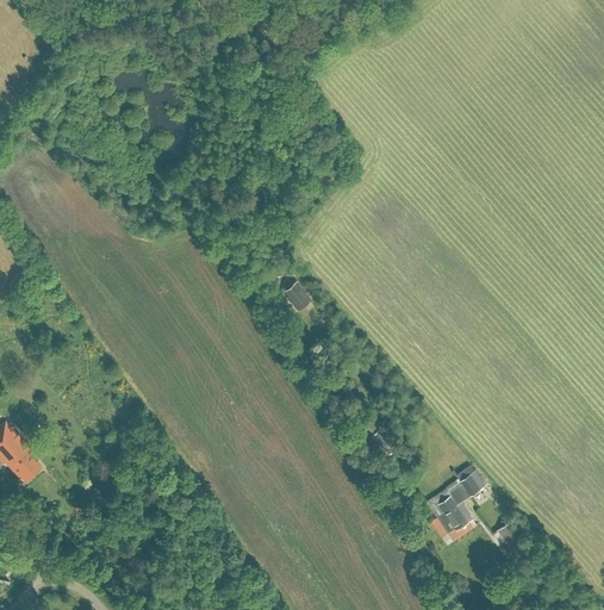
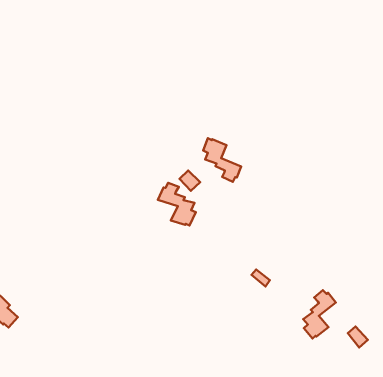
building: none -> [203,138,241,182]
building: none -> [158,183,196,225]

